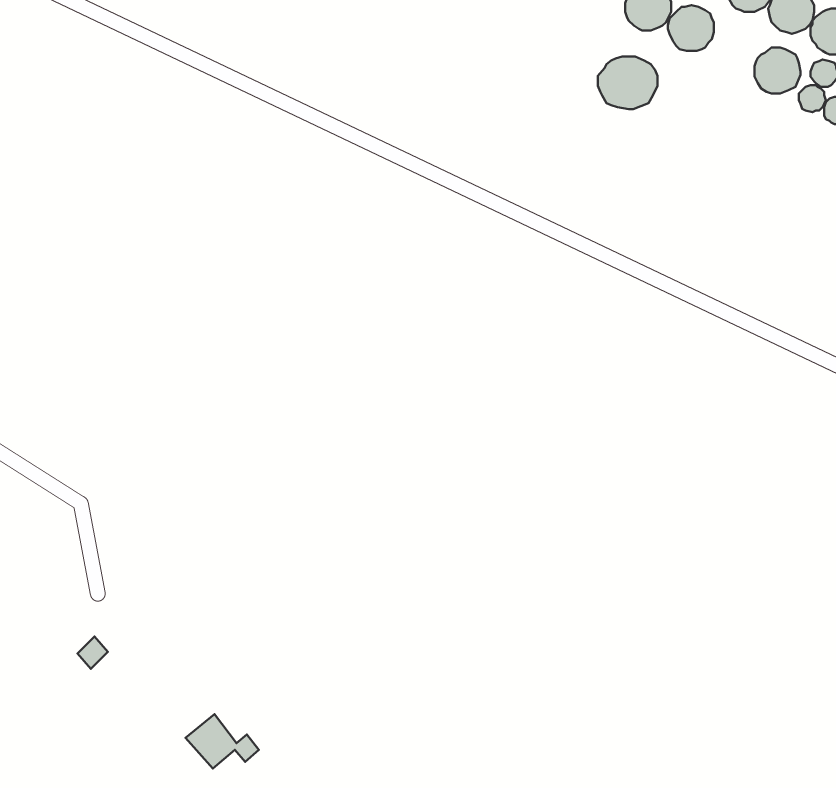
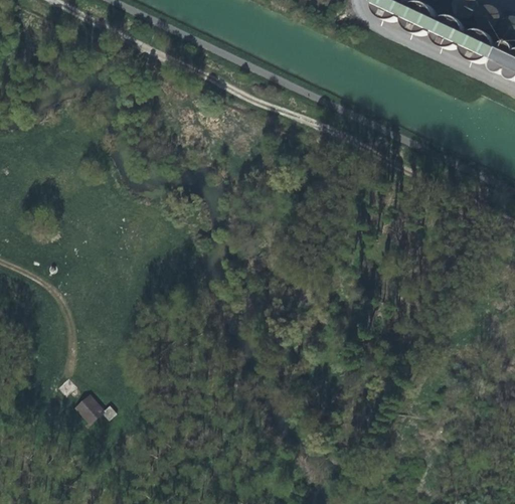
building: none -> [435,17,462,44]
building: [598,57,657,109] -> none
building: [186,714,259,769] -> [74,392,118,425]

